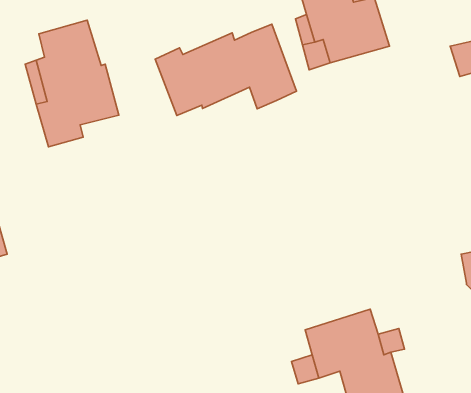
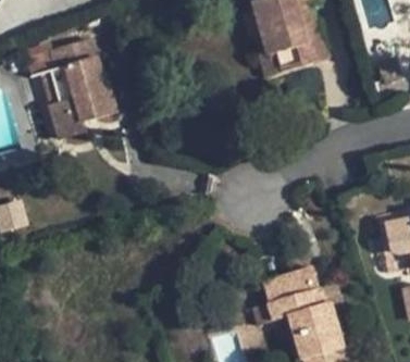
building: [155,24,296,116] -> none

